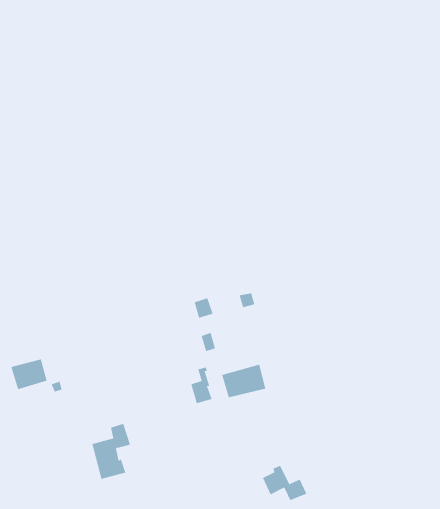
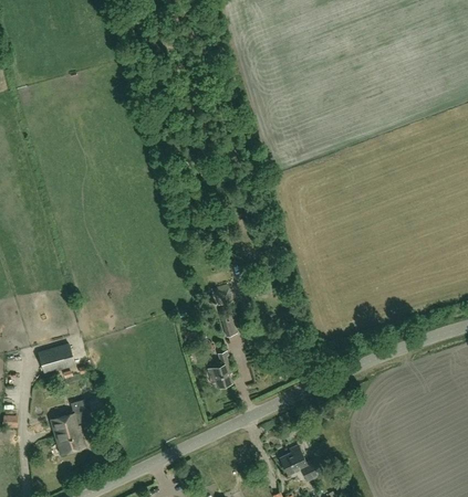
building: [222,364,266,398] -> none
building: [92,423,131,480] -> [53,400,91,454]

